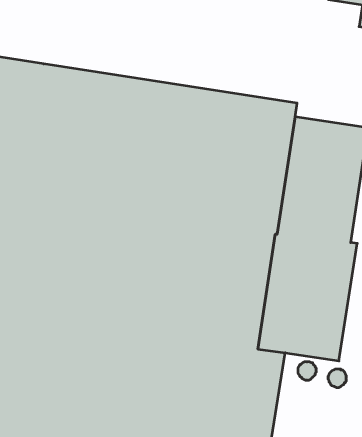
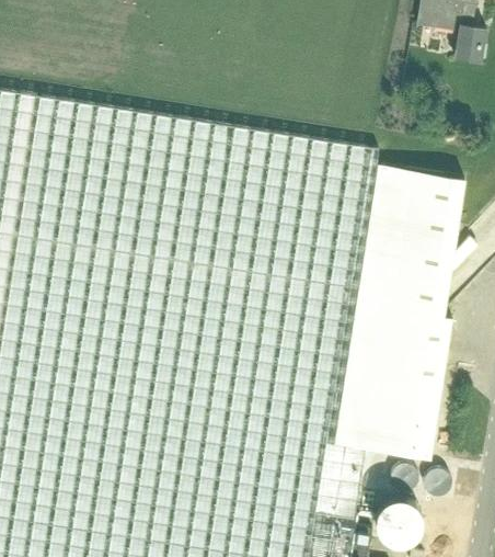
building: none -> [378,498,422,542]

